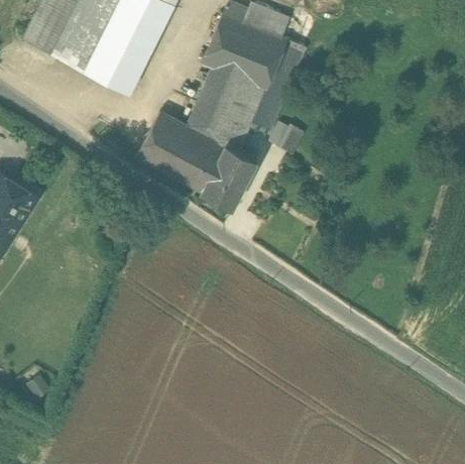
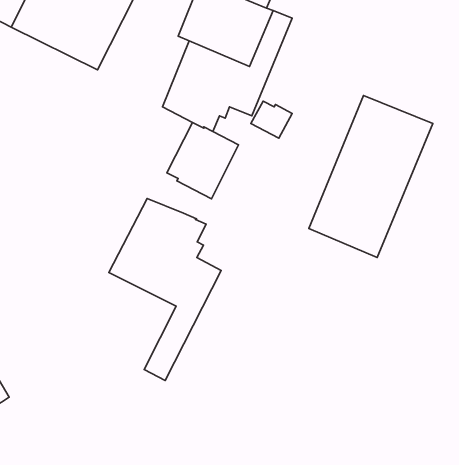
building: [136,110,216,185] -> none
building: none -> [309,95,433,258]
building: none -> [109,198,221,380]

